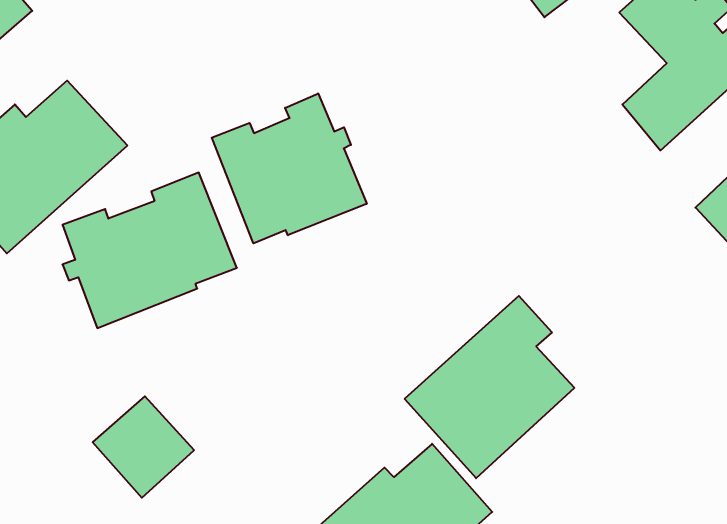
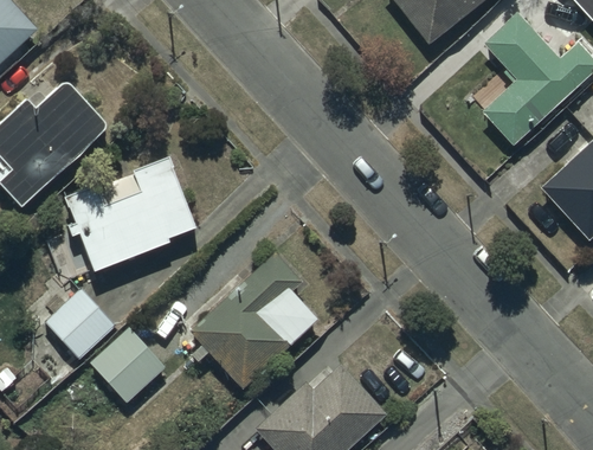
building: [212,93,367,243] -> none
building: [405,296,574,478] -> [191,251,317,387]
building: none -> [46,289,115,358]

